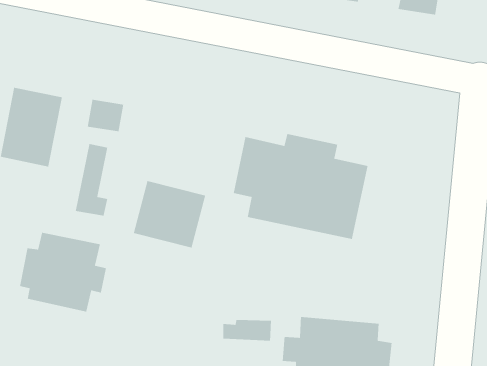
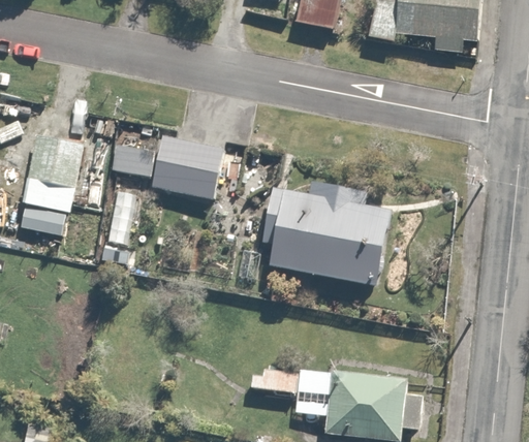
building: [133,180,206,249] -> [151,134,226,204]
building: [19,232,107,313] -> none

